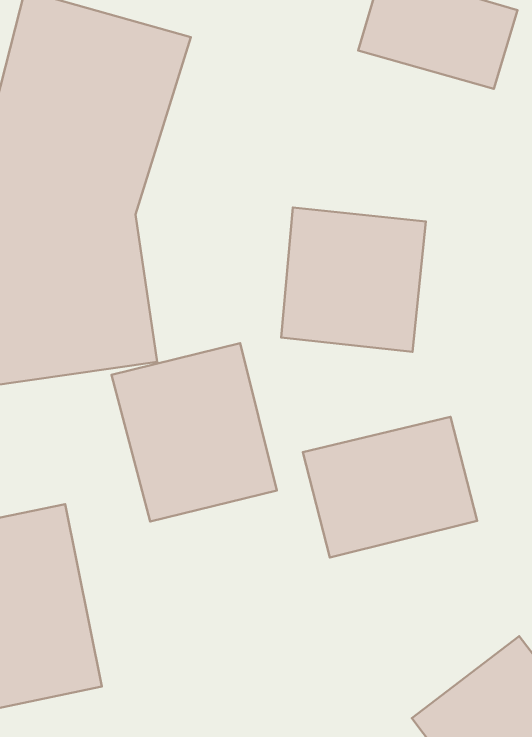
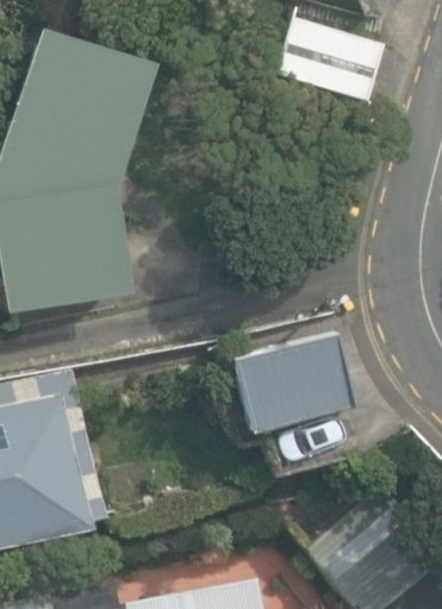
building: [281,207,426,352] -> none
building: [111,343,277,521] -> none

